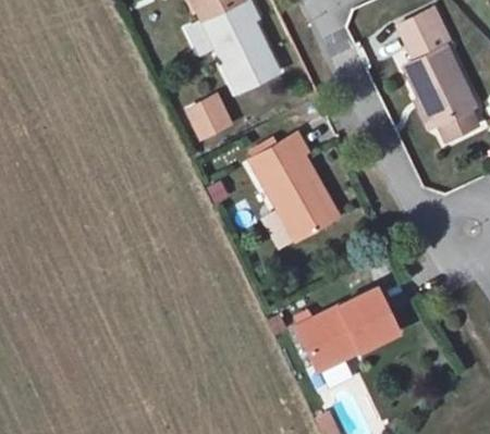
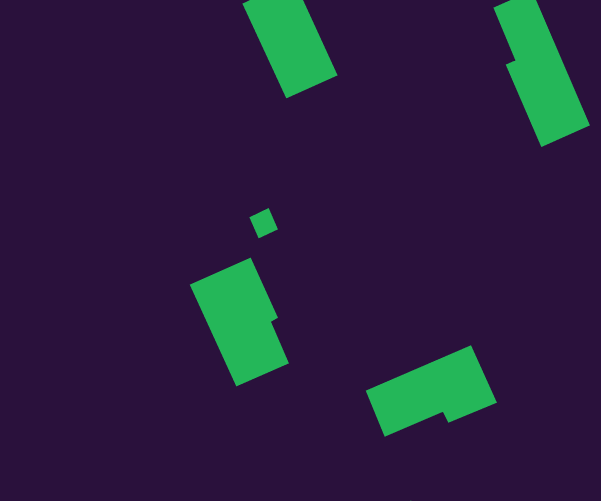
building: [184,91,235,142] -> none
building: [252,136,331,238] -> [189,257,290,387]

